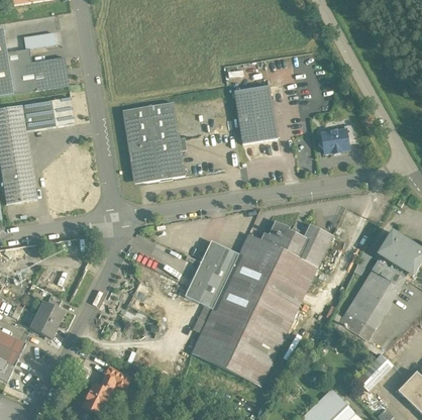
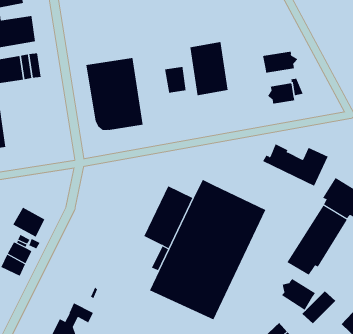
building: none -> [263,51,298,74]
building: none -> [165,66,186,93]
building: [260,220,332,267] -> [262,144,329,187]
building: none -> [13,207,45,237]
building: none -> [281,278,316,310]

